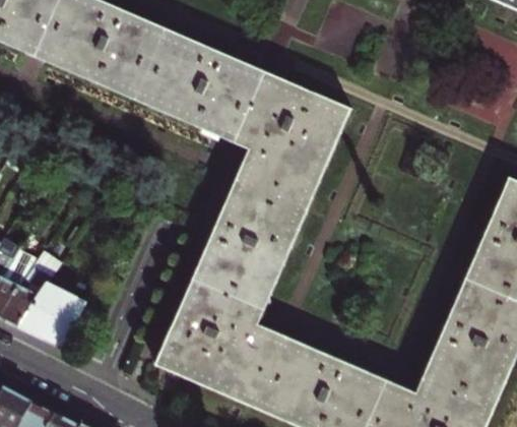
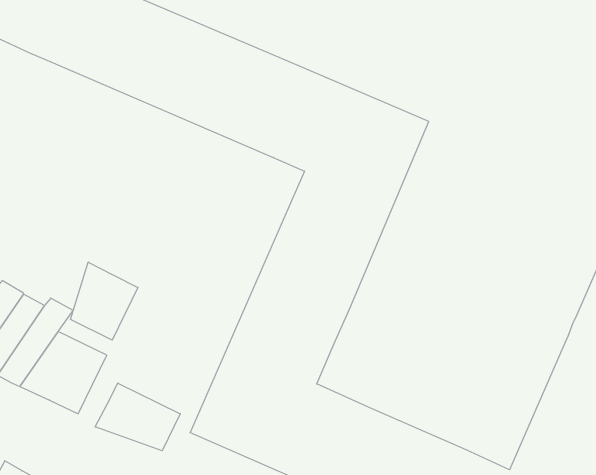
building: none -> [70,262,138,340]
building: none -> [95,383,180,451]

